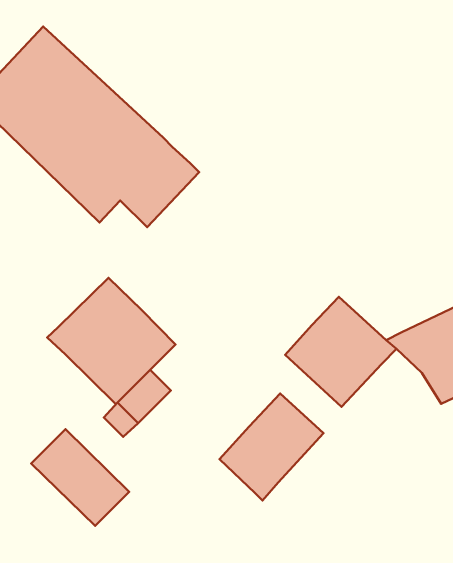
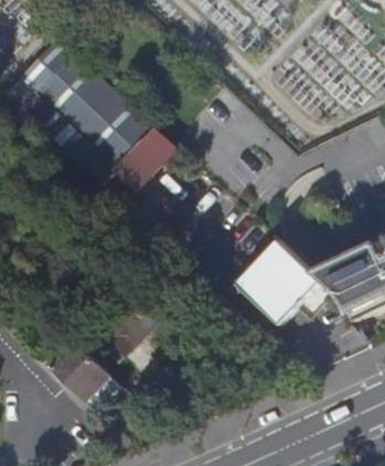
building: [47,278,175,404] -> none
building: [219,393,323,501] -> none

